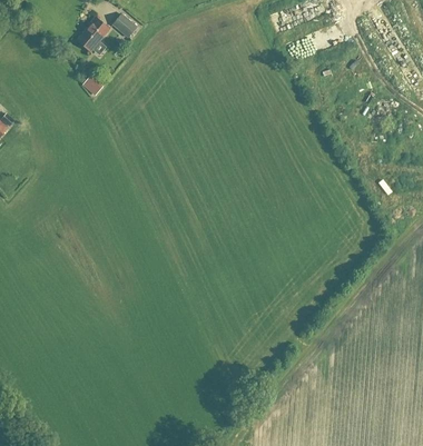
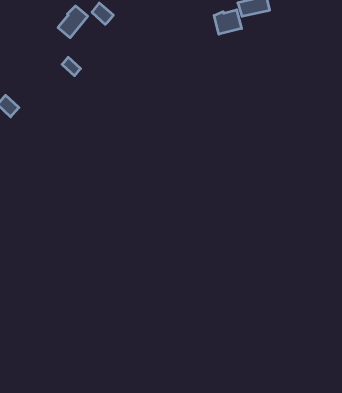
building: none -> [214,10,242,34]

